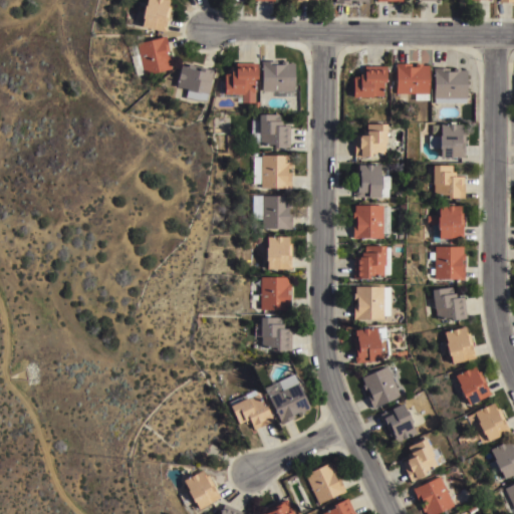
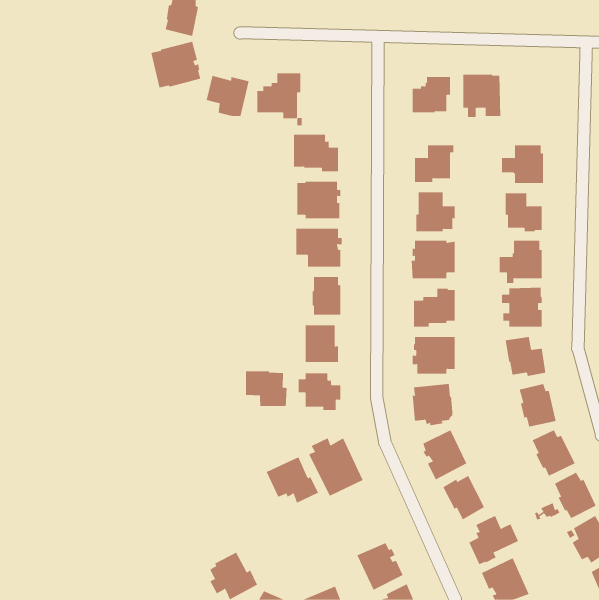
building: [264,60,296,90] -> none
building: [432,67,467,102] -> none
building: none -> [245,370,287,407]

